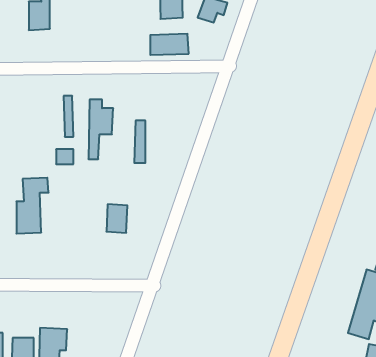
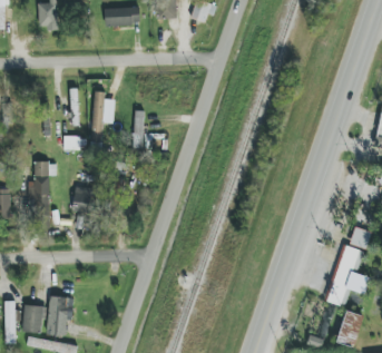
building: [150,34,189,55] -> [106,7,140,26]
building: [106,204,127,233] -> [74,186,92,212]

